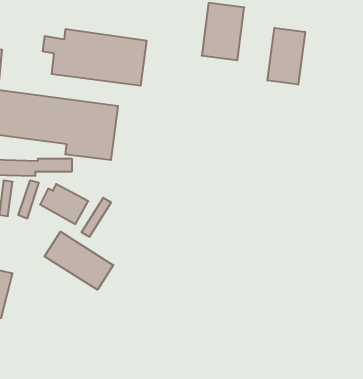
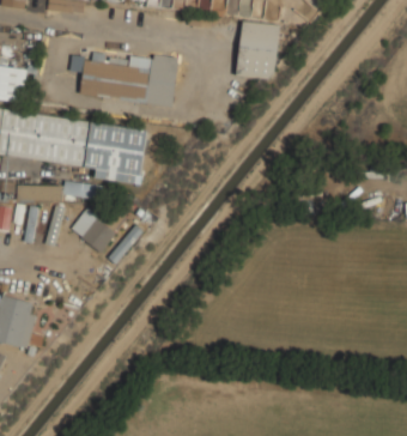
building: [268,28,305,85] -> none
building: [45,232,113,290] -> none

